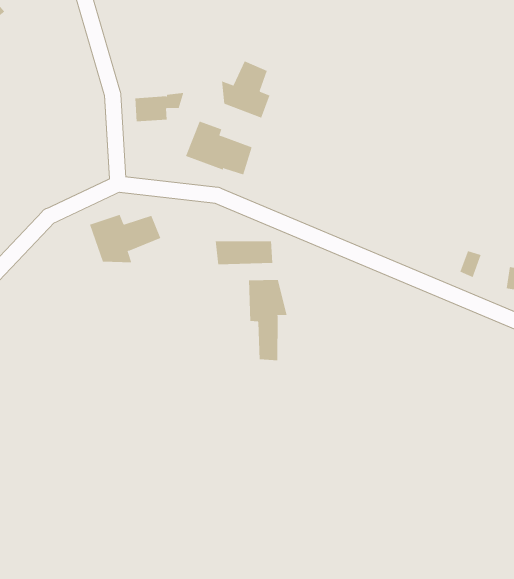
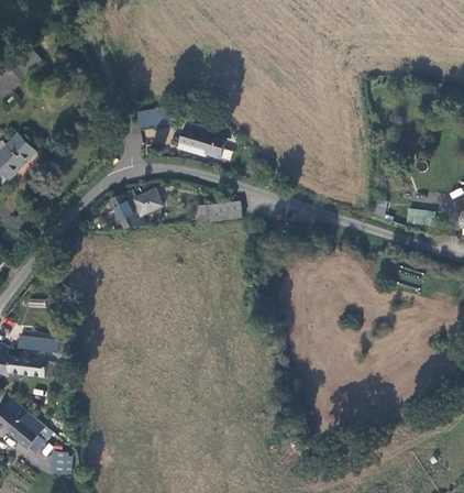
building: [222,61,270,118] -> none
building: [248,279,287,361] -> none

